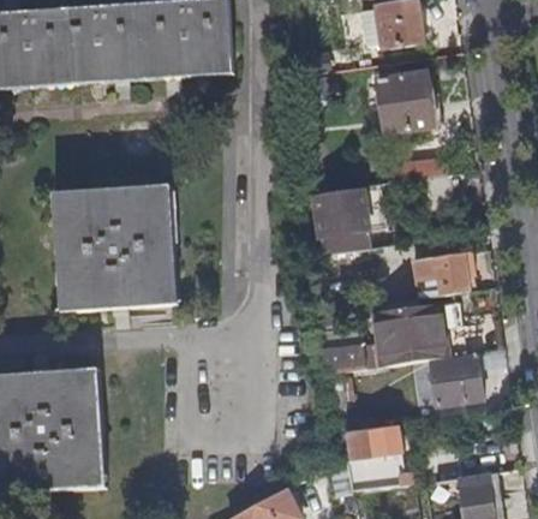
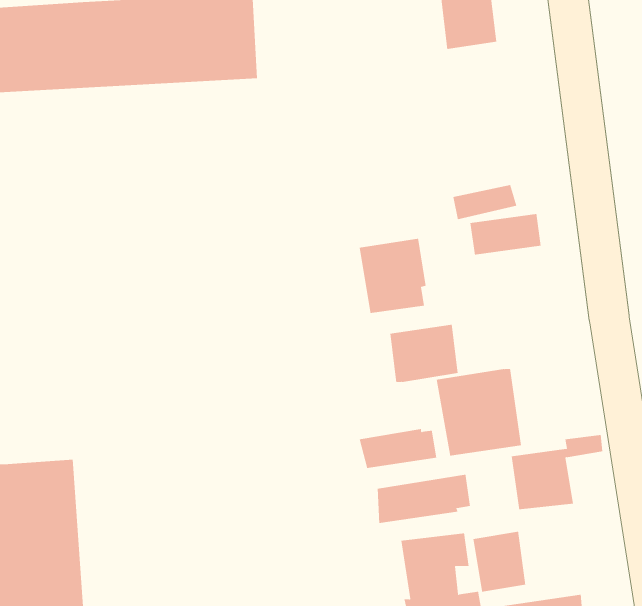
building: [378,71,435,131] -> none
building: [61,185,173,311] -> none
building: [424,250,478,296] -> [389,324,459,382]
building: none -> [377,474,471,524]
building: none -> [473,531,526,592]

